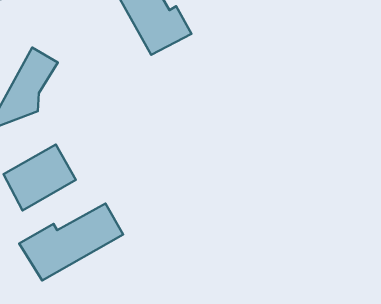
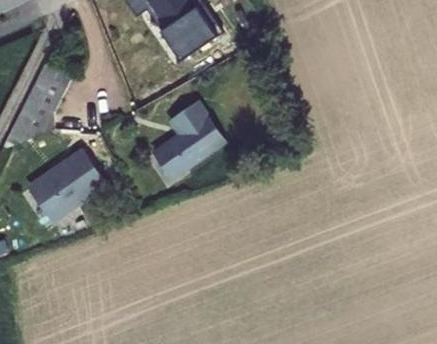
building: none -> [146,111,213,182]
building: [19,204,123,281] -> none

